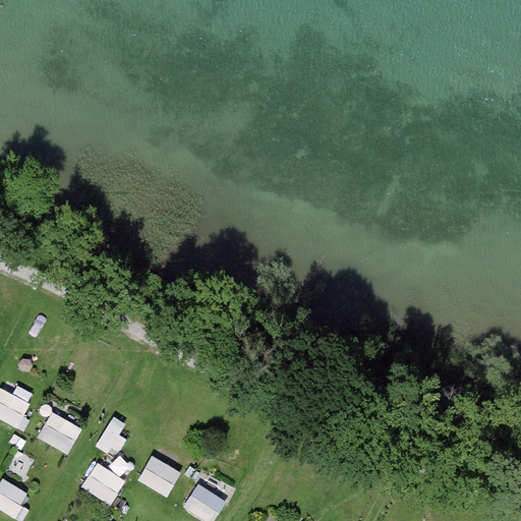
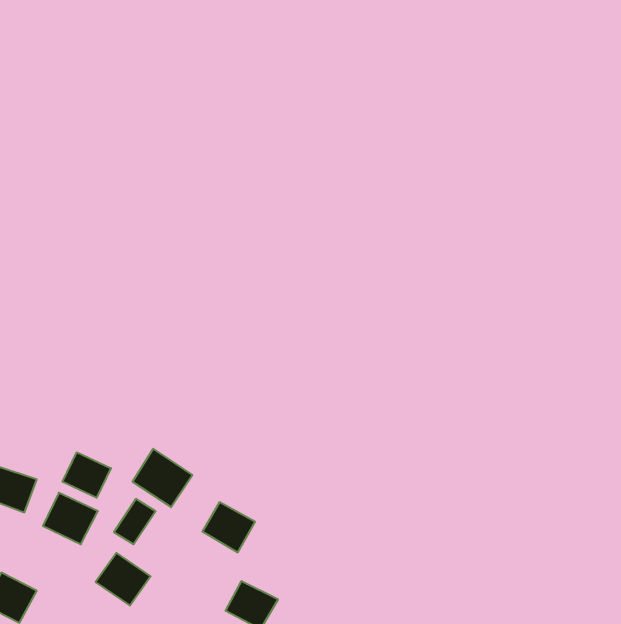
building: none -> [133,449,192,507]
building: none -> [63,452,111,498]
building: [136,455,180,497] -> [202,502,255,552]

